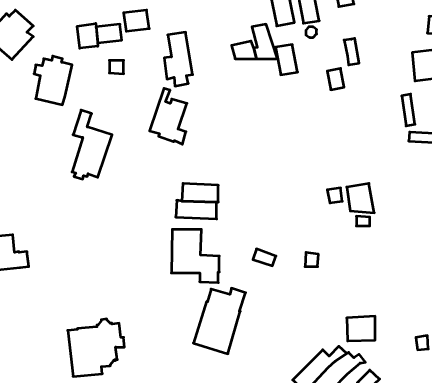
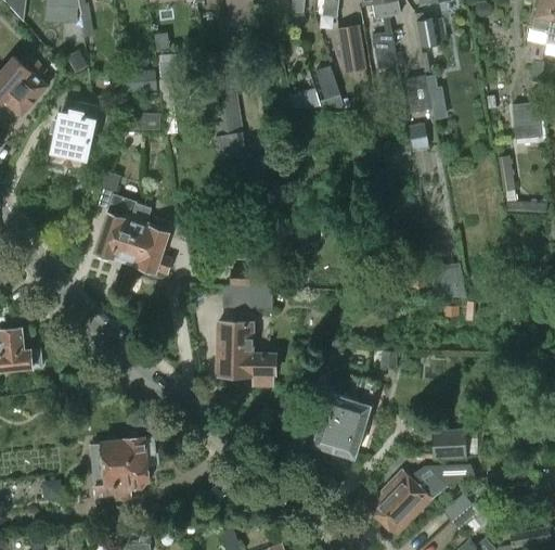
building: [77,23,98,48] -> none
building: [275,45,298,75] -> [405,75,433,112]
building: [150,88,187,144] -> [127,205,172,273]
building: [193,288,246,354] -> [313,375,377,456]

